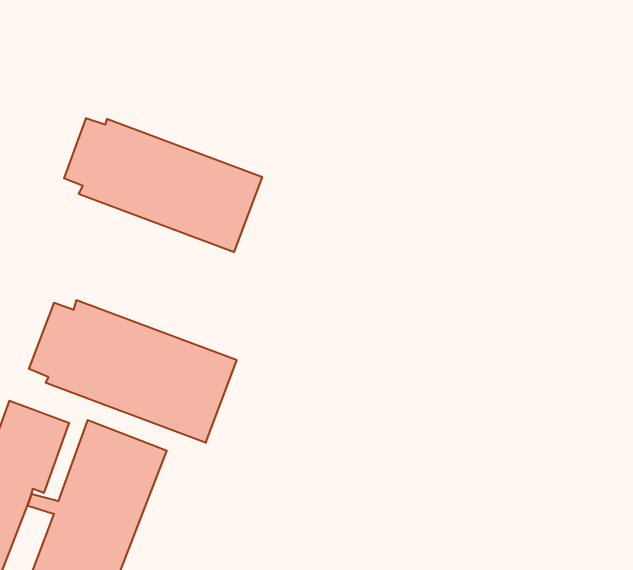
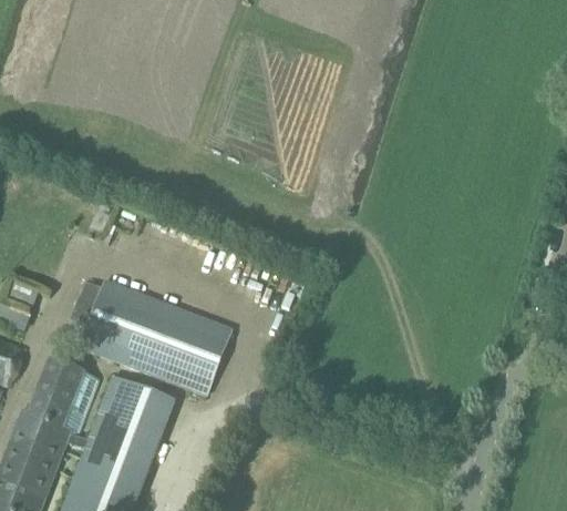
building: [64,118,262,252] -> none

